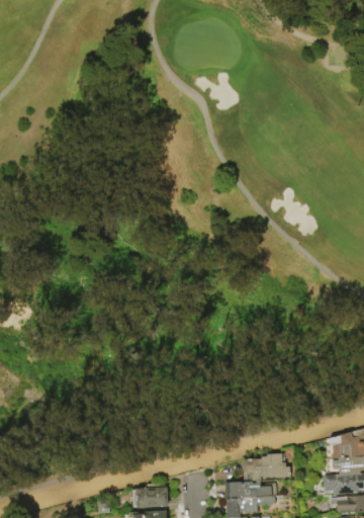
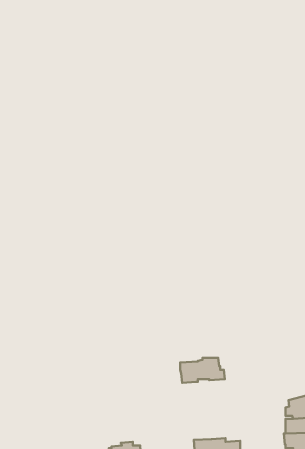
building: [243,453,291,481] -> [180,358,225,383]

